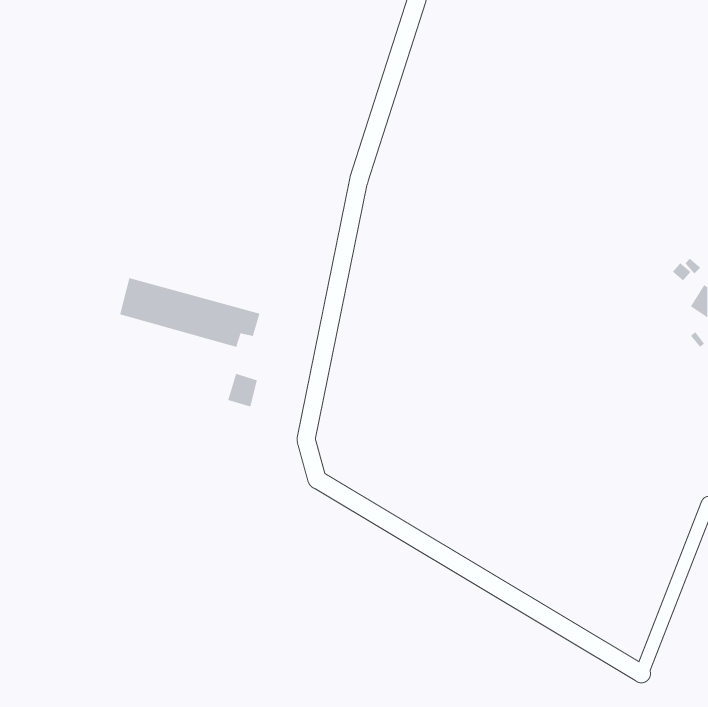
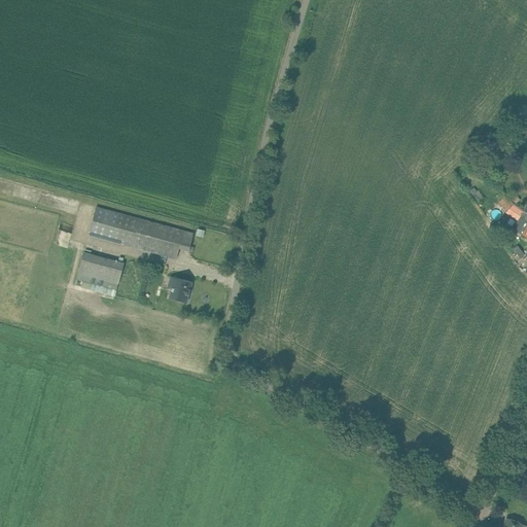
building: none -> [74,252,124,295]

